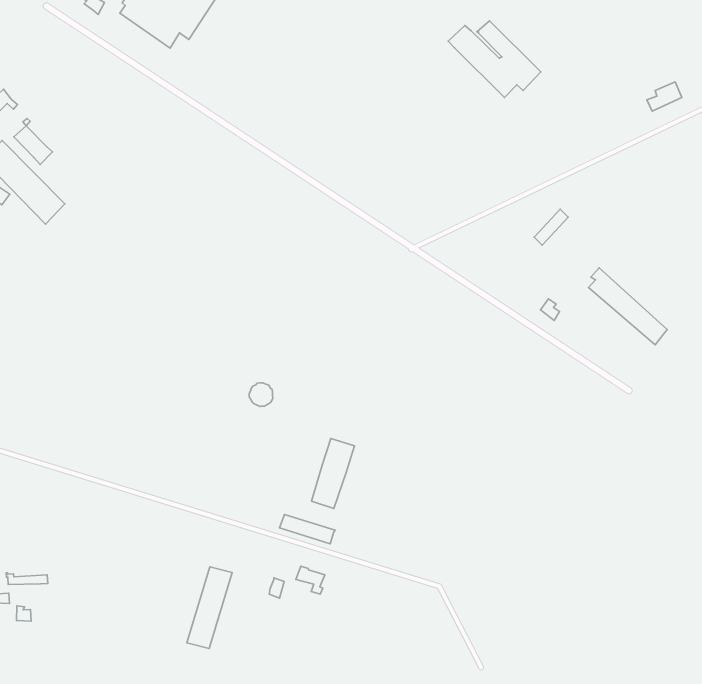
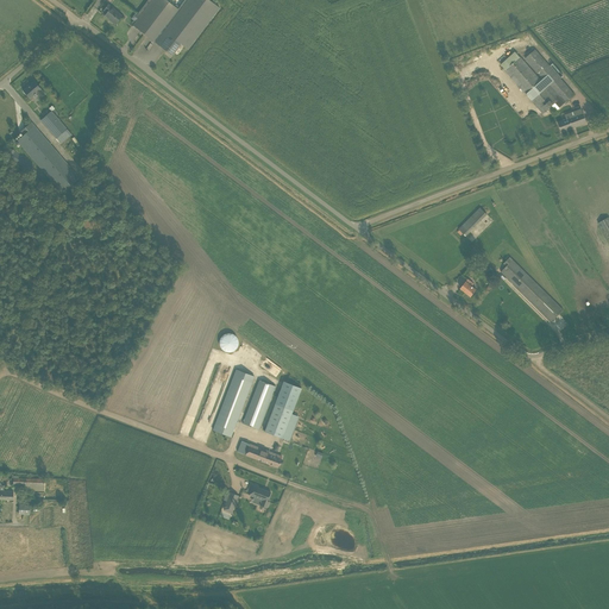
building: [448,21,541,97] -> [500,48,573,111]
building: none -> [240,378,275,427]
building: [187,567,232,649] -> [212,368,252,434]

